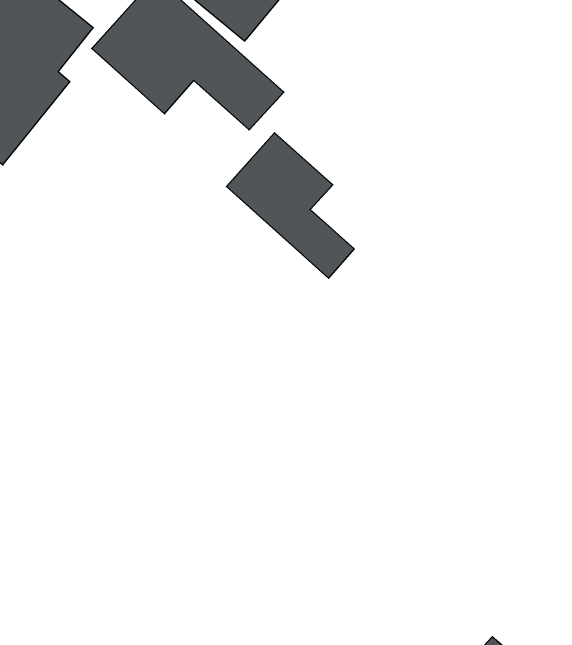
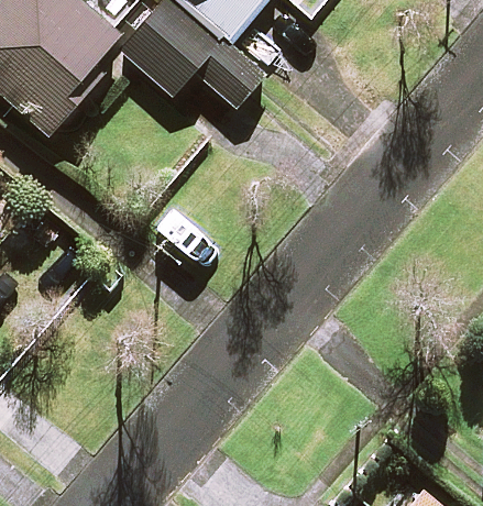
building: [226,133,354,278] -> none

